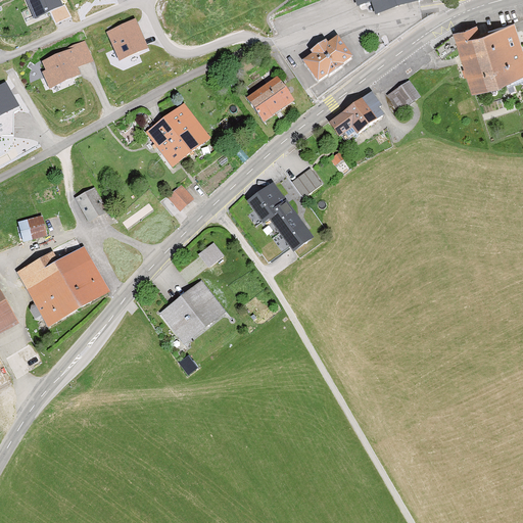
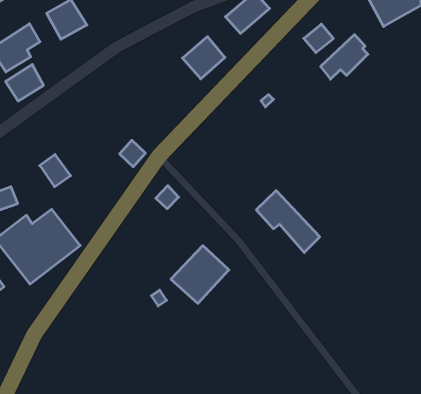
building: none -> [6,64,43,101]
building: [328,91,382,137] -> [321,35,368,79]
building: [145,103,210,168] -> none
building: [290,165,321,194] -> none
building: [245,182,312,254] -> [256,191,320,253]
building: [160,279,226,342] -> [171,246,229,303]

